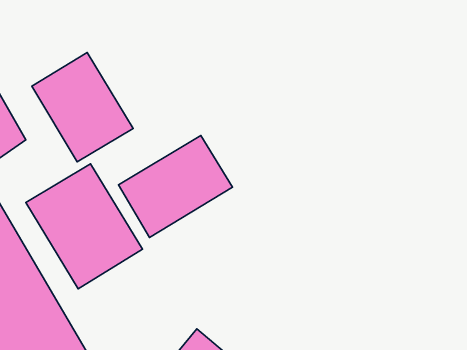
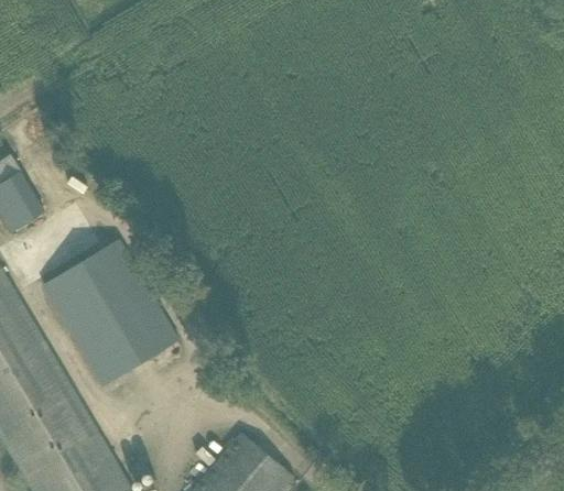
building: [32,53,133,162] -> none
building: [118,135,232,237] -> none

